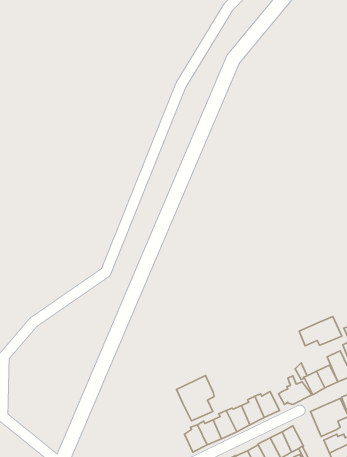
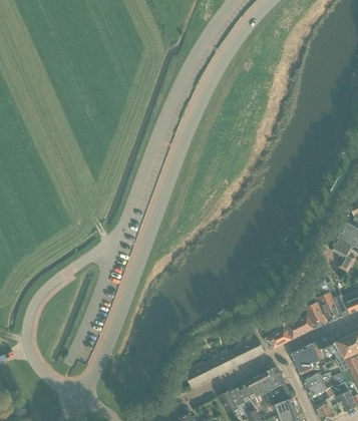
building: [299,317,342,346] -> none
building: [177,376,214,421] -> none

